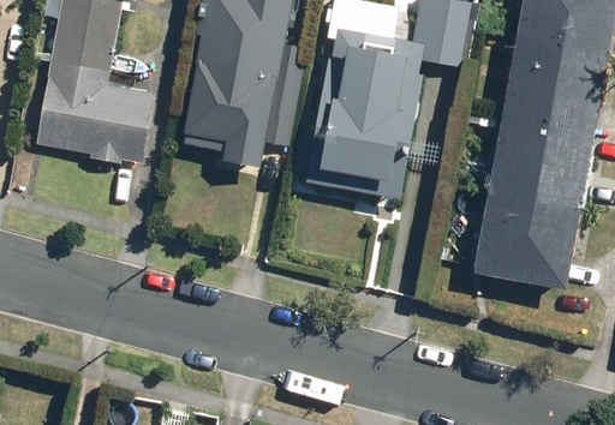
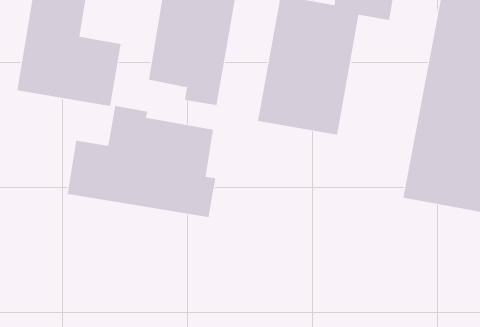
building: none -> [67,105,216,218]

